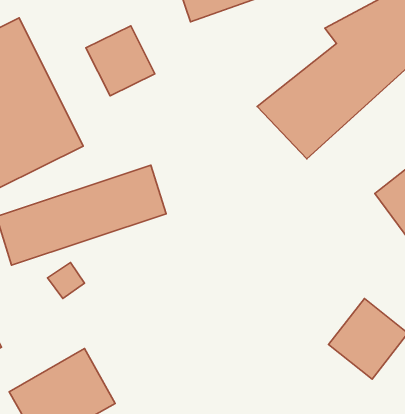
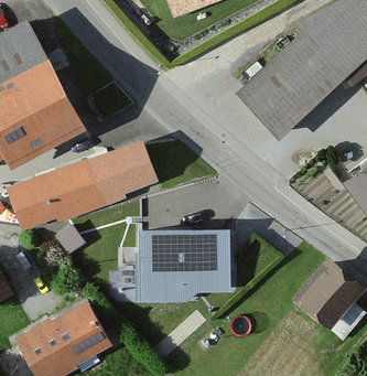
building: [86,26,155,96] -> none
building: none -> [137,229,229,307]

